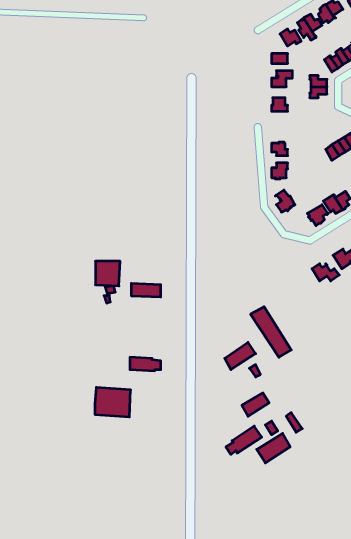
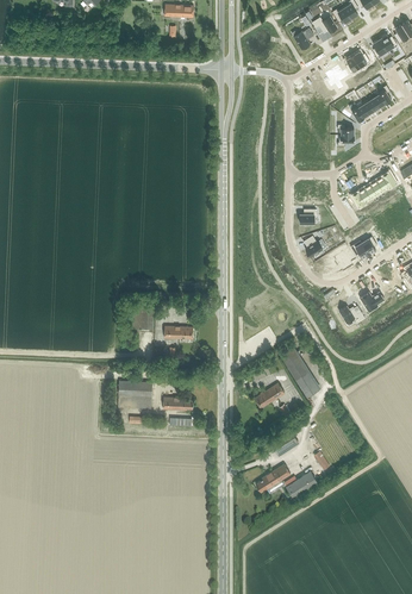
building: [95,387,131,417] -> [118,380,152,408]

